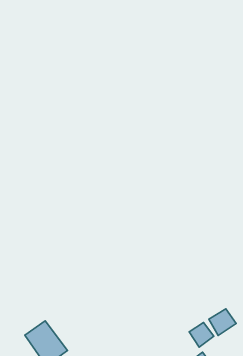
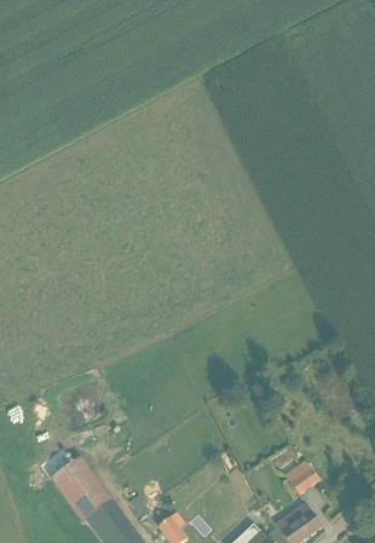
building: [209,309,236,335] -> none

